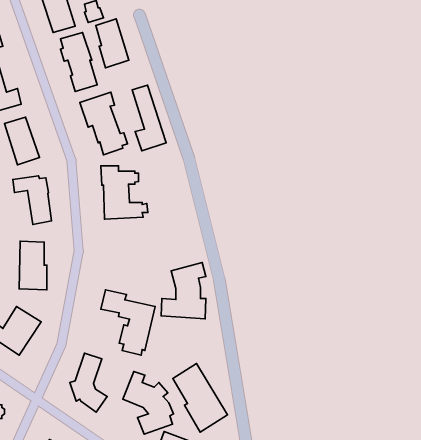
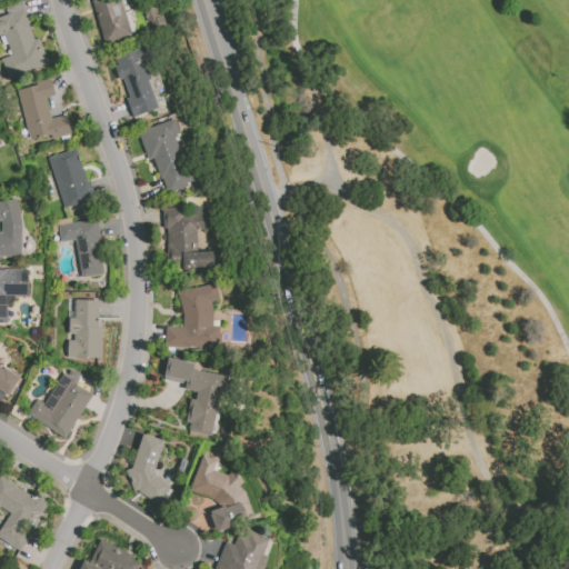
building: [96,19,129,68] -> none
building: [132,85,166,151] -> none
building: [161,263,206,319] -> [167,282,221,350]
building: [173,364,227,432] -> none

